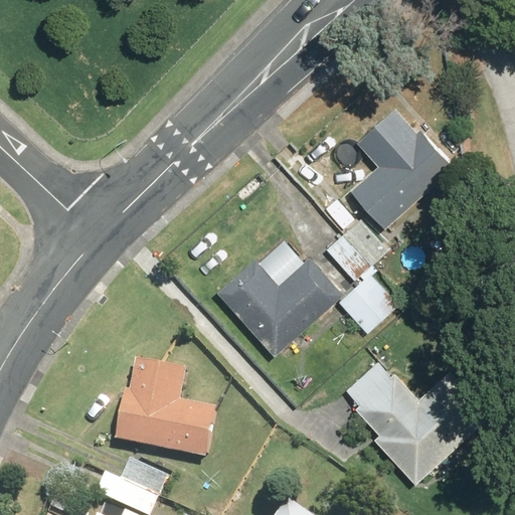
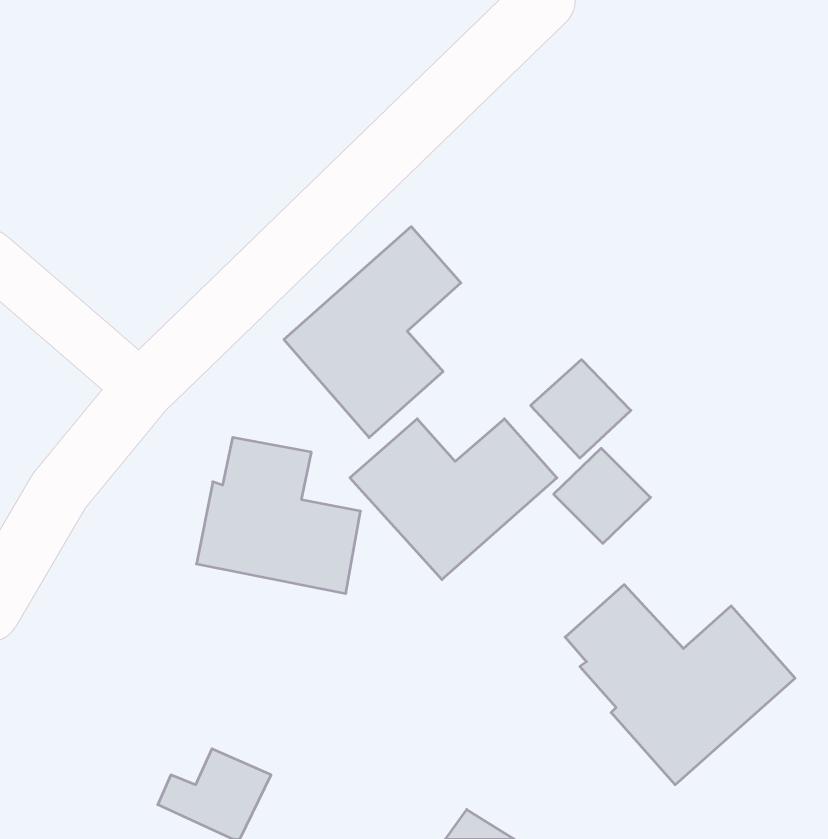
building: [347,111,453,229] -> none
building: none -> [284,227,461,438]
building: [114,363,214,459] -> [196,437,361,593]

